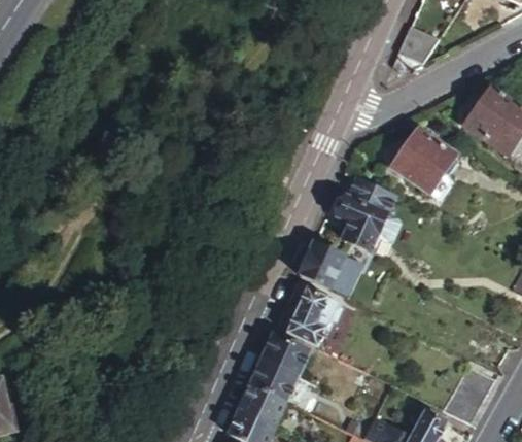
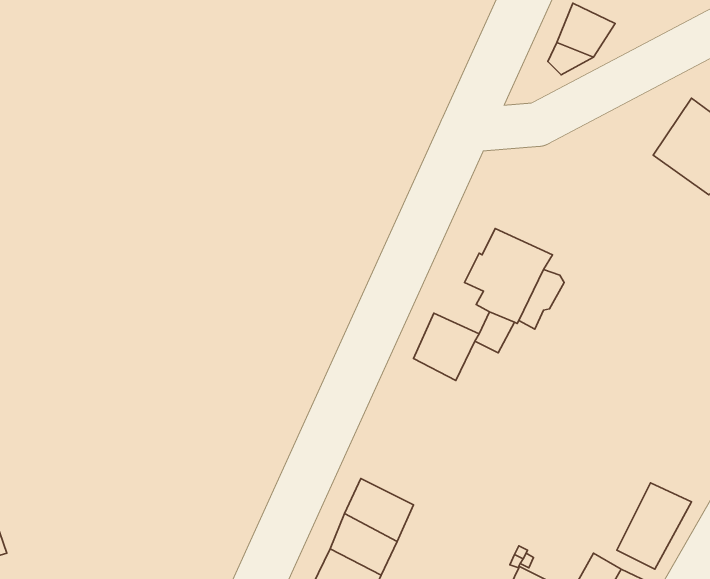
building: [390,132,456,195] -> none
building: [286,284,341,345] -> none
building: [262,331,310,375] -> none

